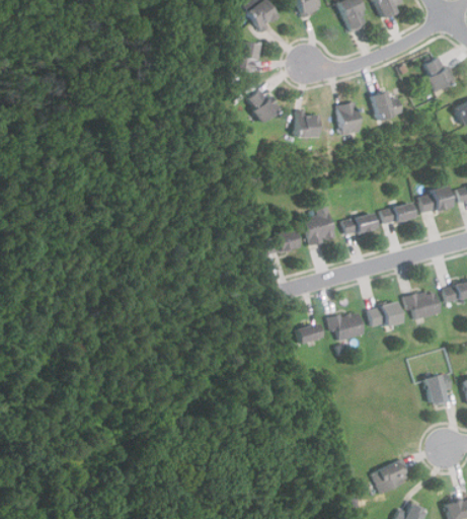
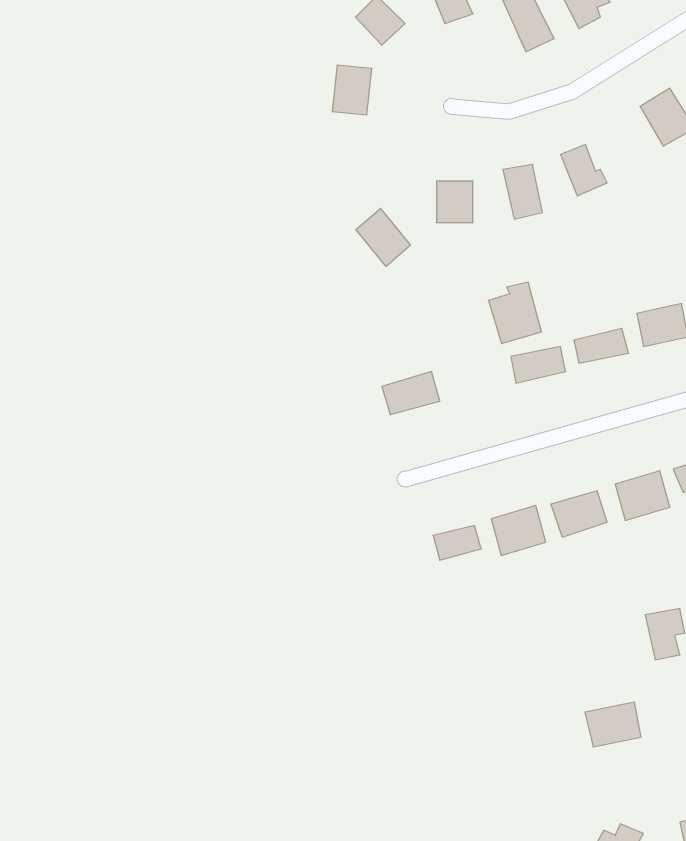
building: [245,87,279,123] -> [356,208,411,266]
building: [303,208,335,245] -> [488,282,541,344]
building: [373,464,407,492] -> [585,702,641,747]

